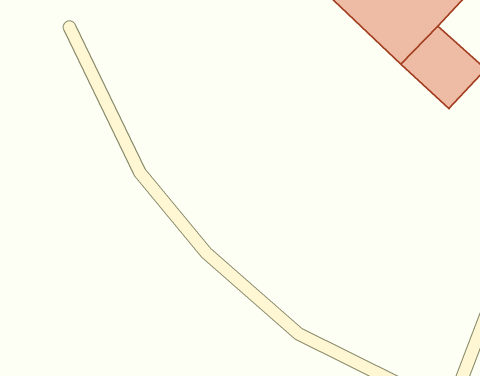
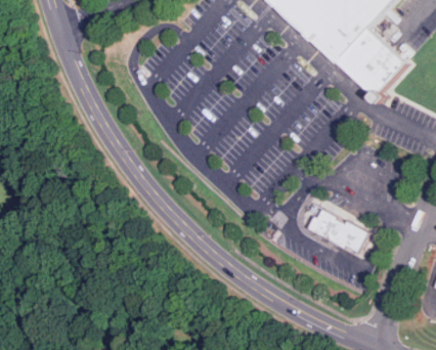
building: none -> [313,207,368,249]

